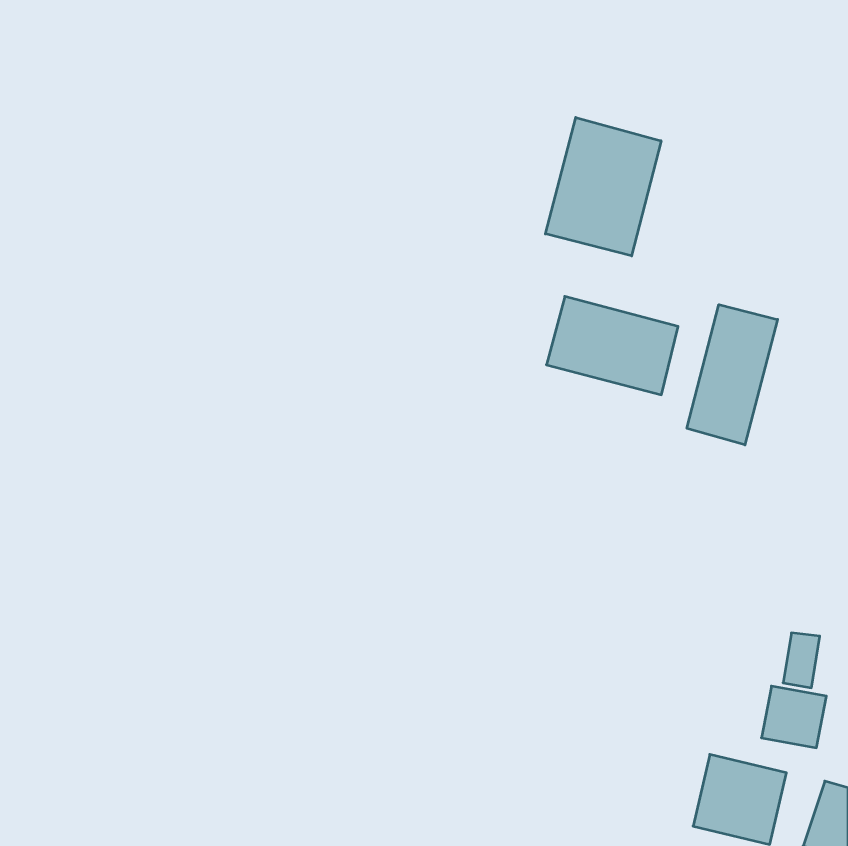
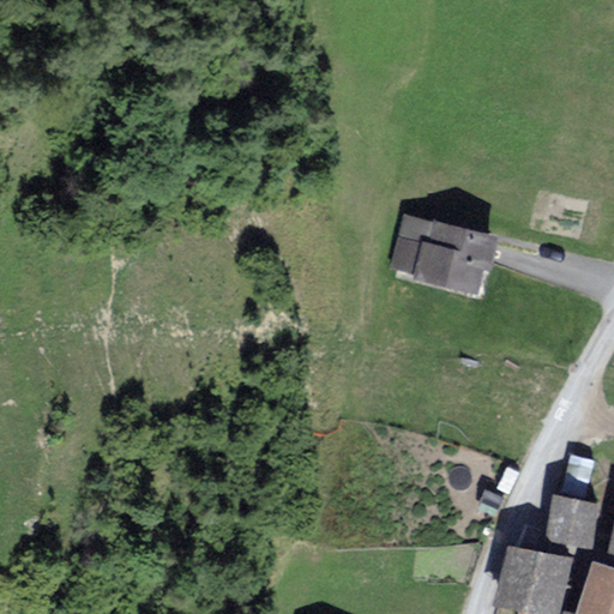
building: [545,117,661,256] -> none
building: [687,305,778,445] -> none

